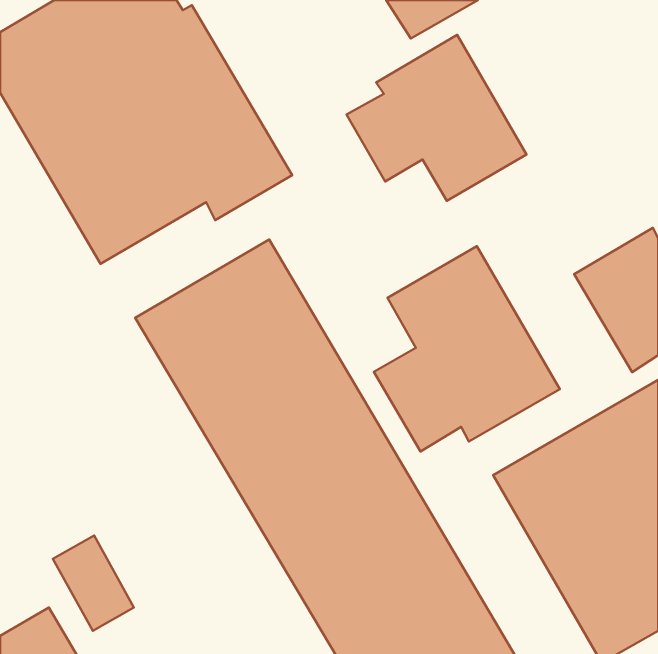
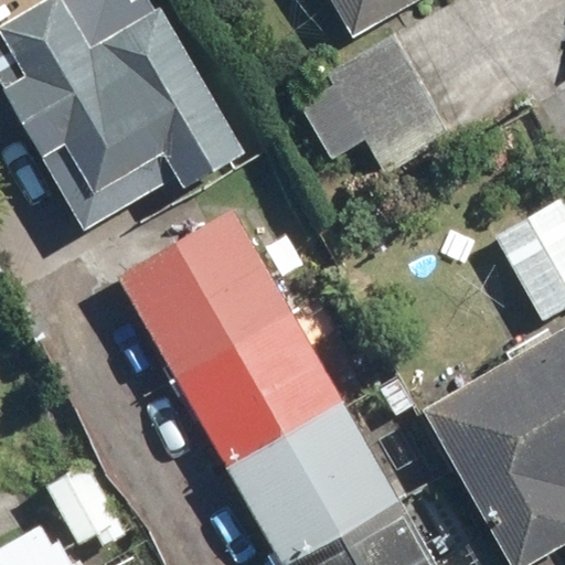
building: [374,246,560,452] -> none

